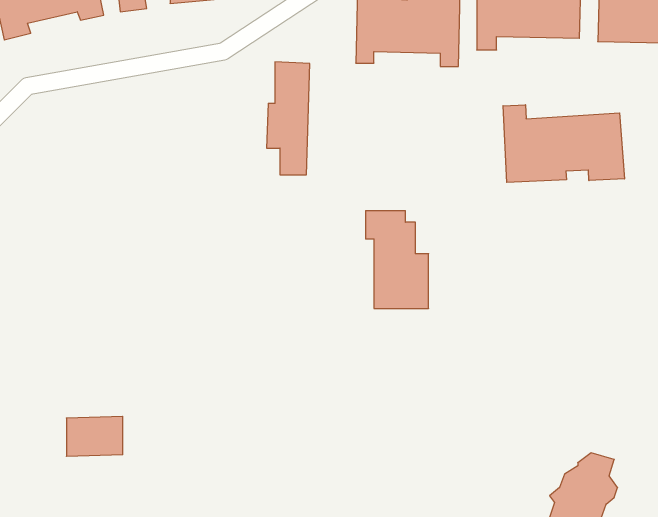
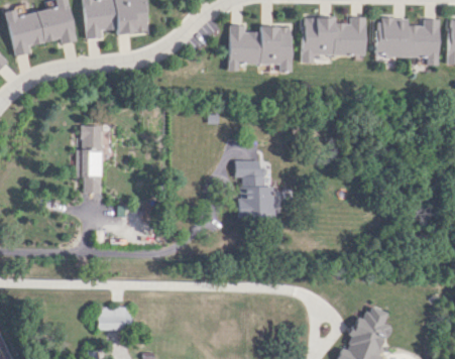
building: [267,62,310,175] -> [76,125,102,194]
building: [503,105,624,182] -> none
building: [66,416,123,456] -> [97,307,131,331]

